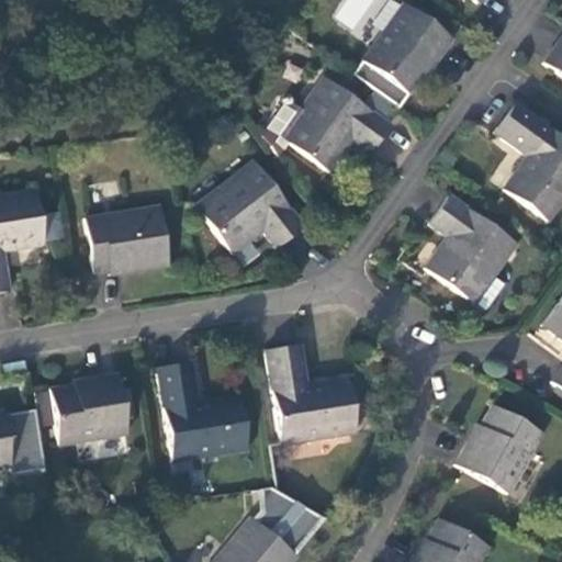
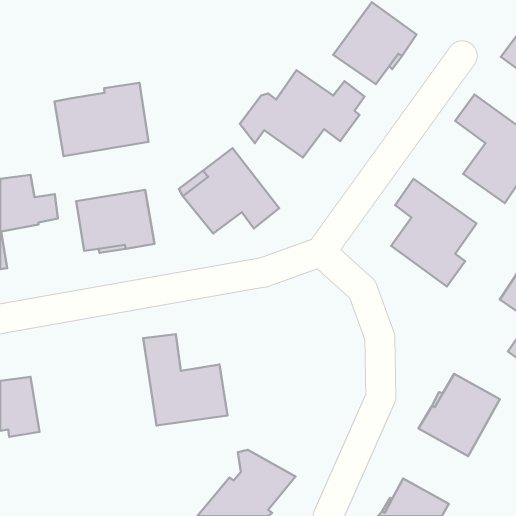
building: none -> [54,83,149,156]
building: [266,342,358,442] -> none
building: [50,372,130,442] -> none

